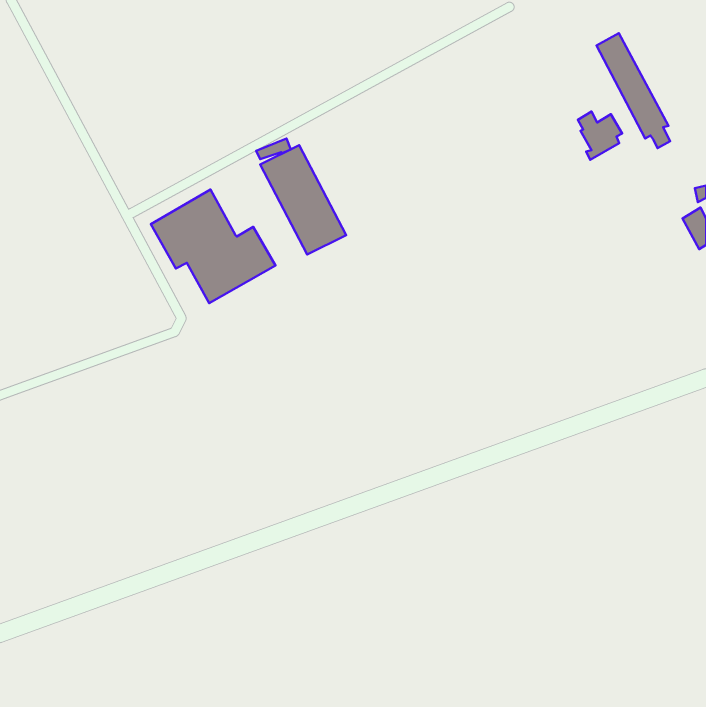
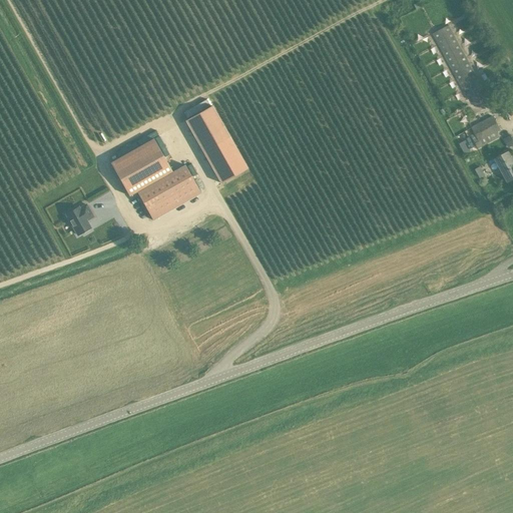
building: [578,111,622,160] -> [468,114,500,149]
building: none -> [65,204,92,234]

